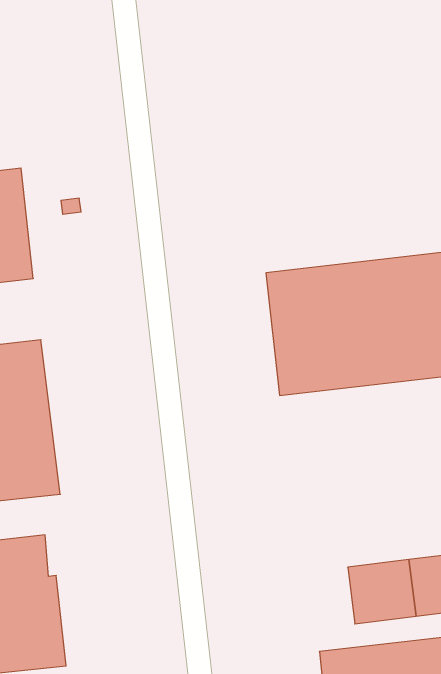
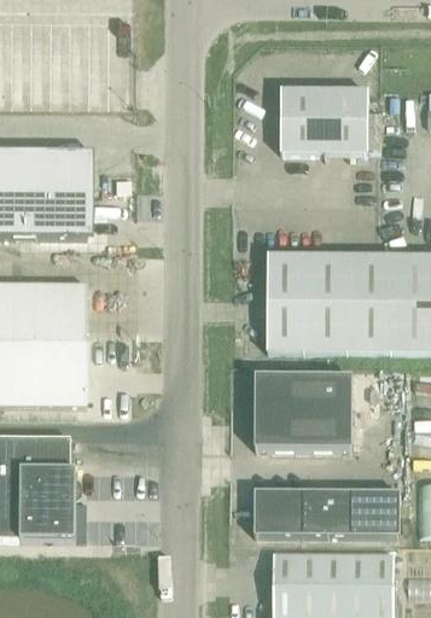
building: none -> [279,89,367,152]
building: none -> [254,374,351,449]
building: none -> [252,490,302,535]

